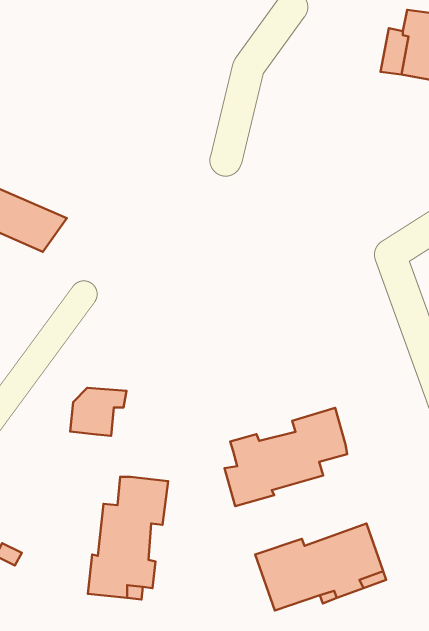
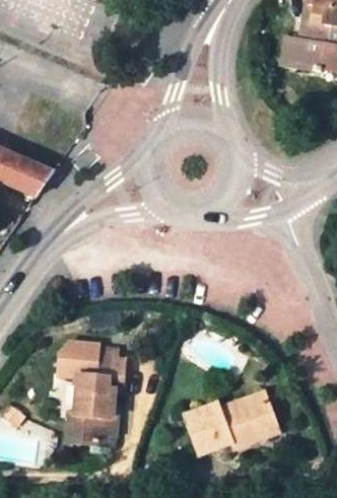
building: [70,388,126,436] -> [59,342,99,376]
building: [225,408,347,506] -> none

